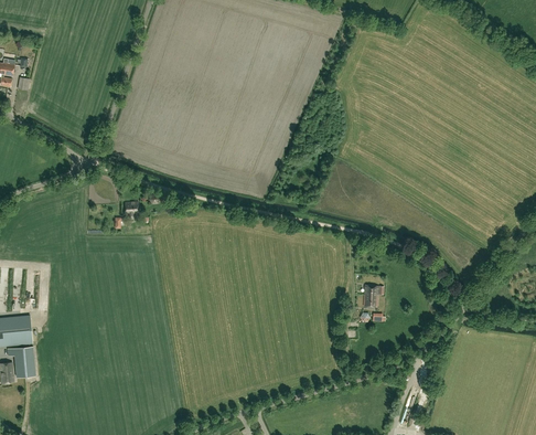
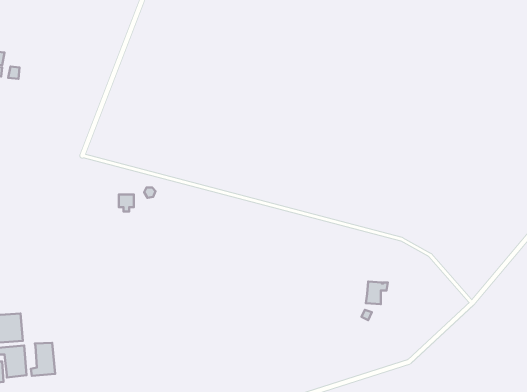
building: none -> [31,343,55,376]

